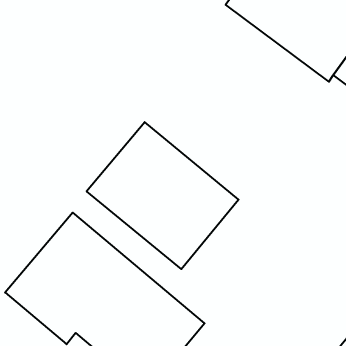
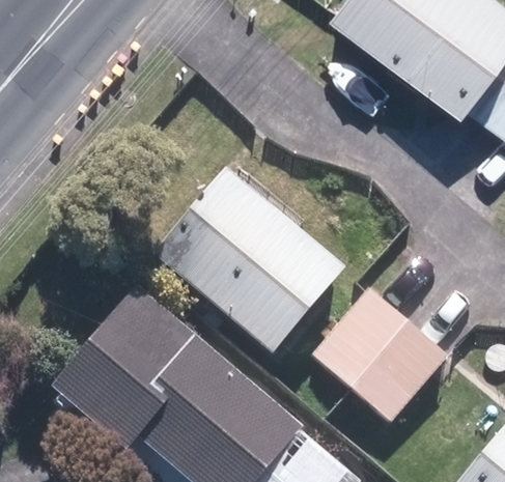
building: none -> [311,287,450,424]

